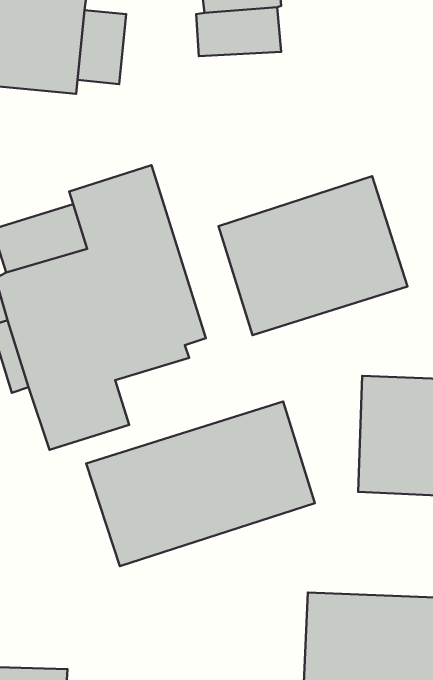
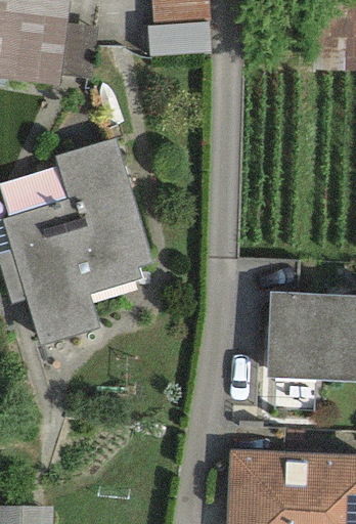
building: [219,176,408,335] -> none
building: [86,402,315,566] -> none

